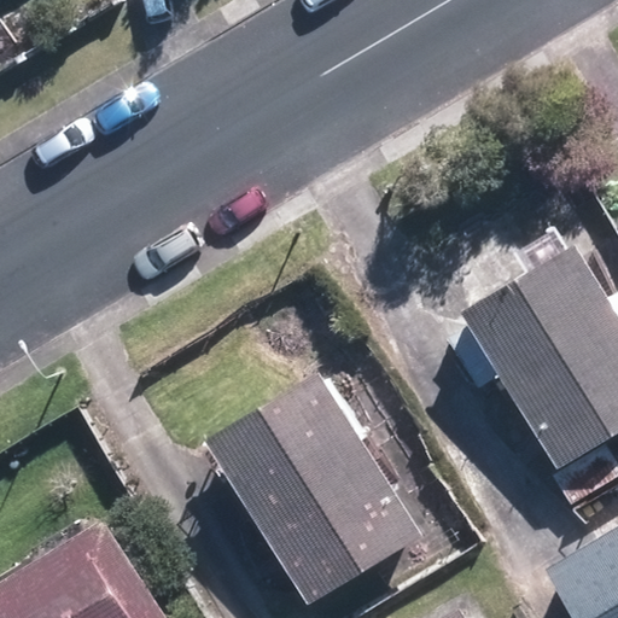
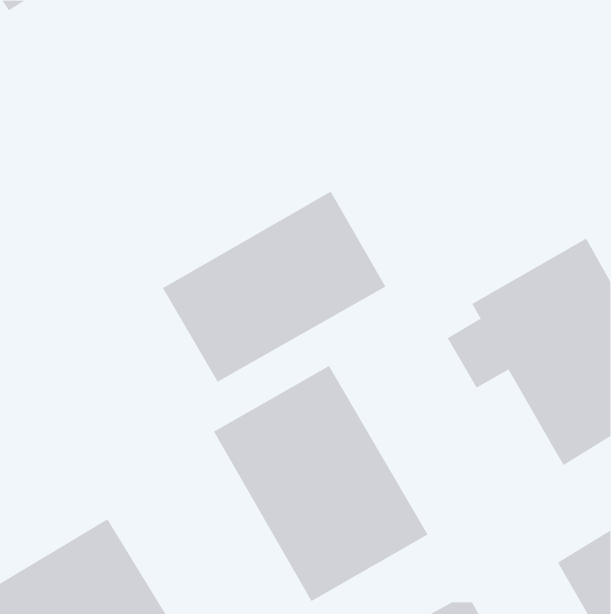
building: none -> [162,191,386,382]

